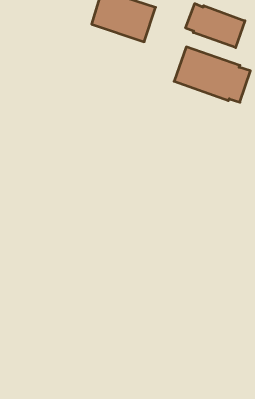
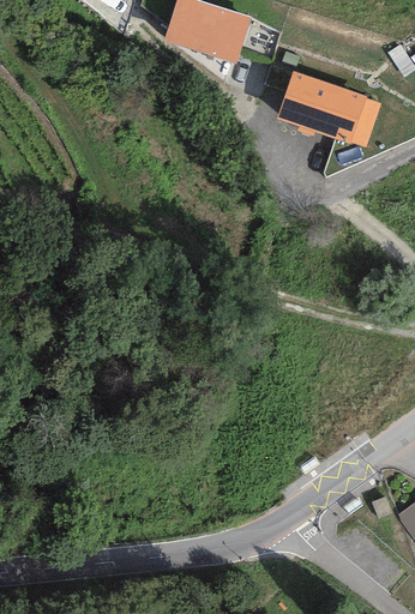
building: [186,4,245,48] -> none

